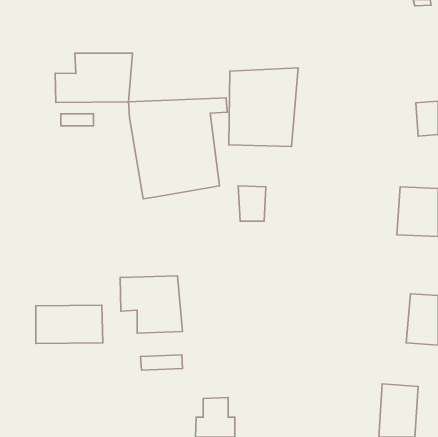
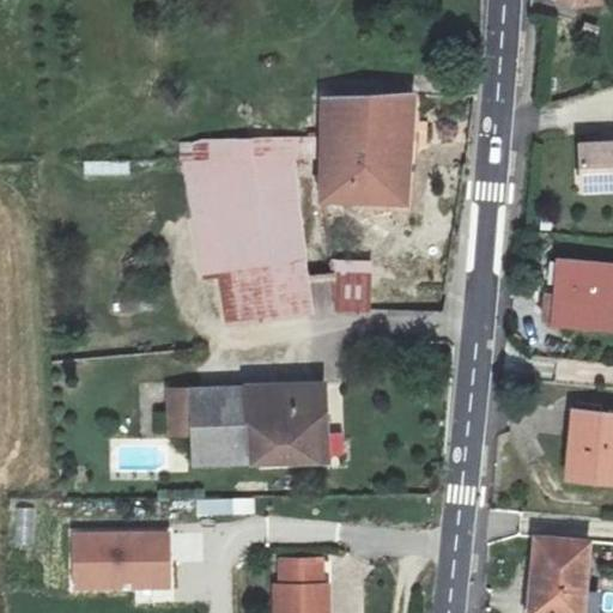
building: [55,53,132,102] -> none
building: none -> [216,260,312,329]
building: none -> [248,382,327,463]
building: [36,305,103,344] -> [75,533,169,587]

